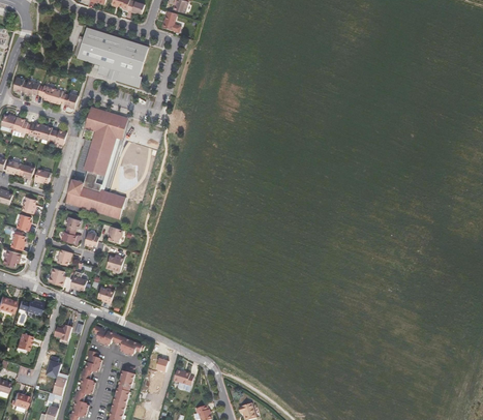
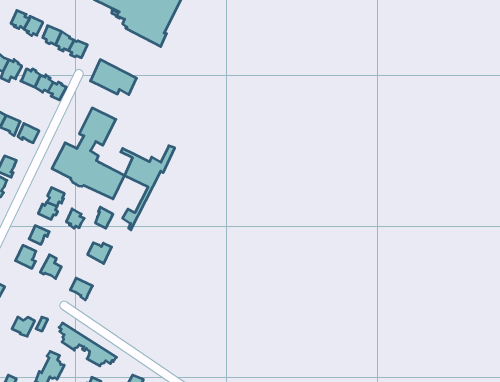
building: [85,116,128,189] -> [121,146,175,230]

